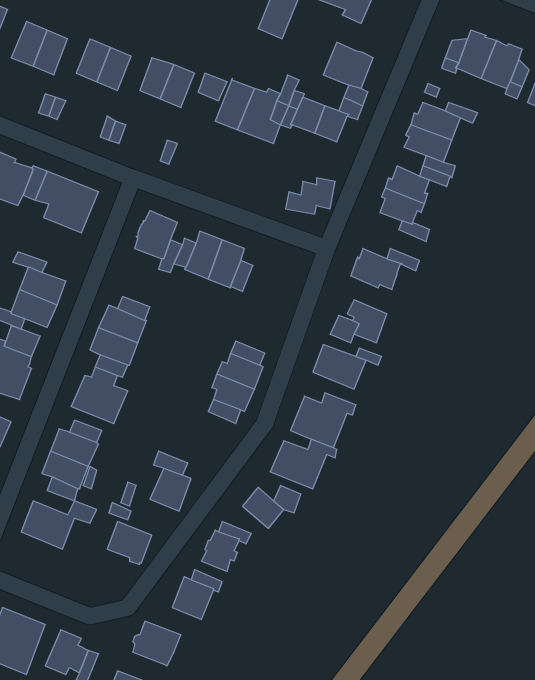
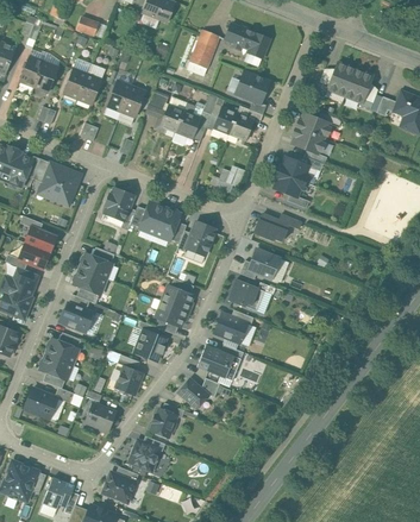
building: none -> [187,220,220,257]
building: none -> [134,329,165,360]

